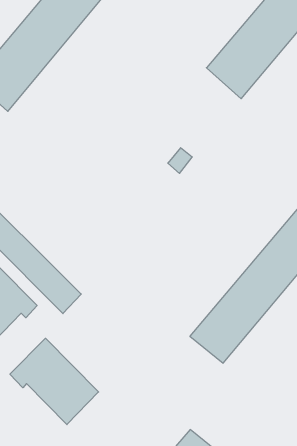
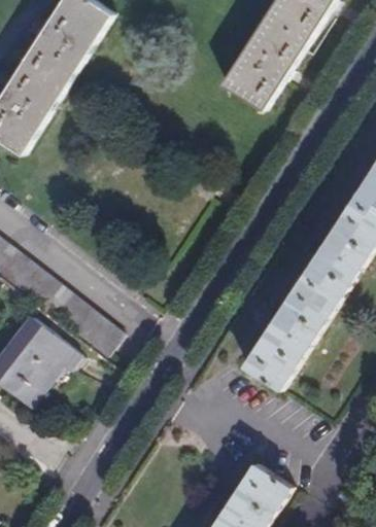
building: [10,338,99,425] -> none

